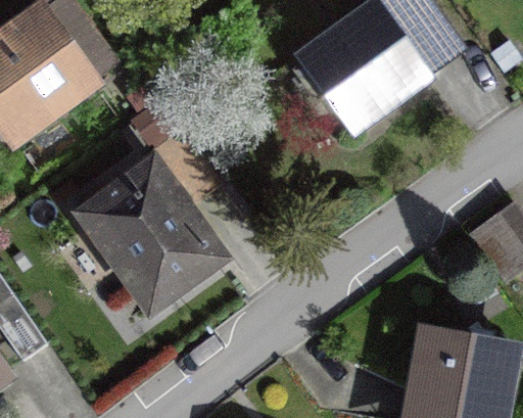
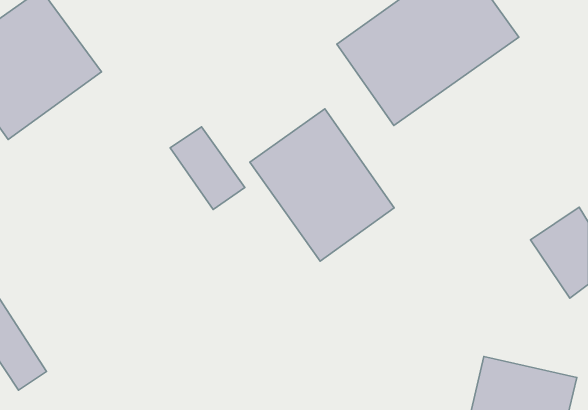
building: none -> [250,109,394,261]
building: [86,165,219,304] -> none

